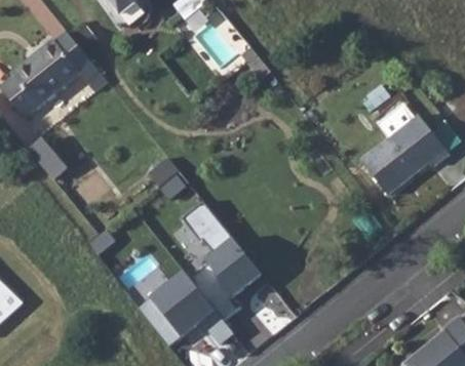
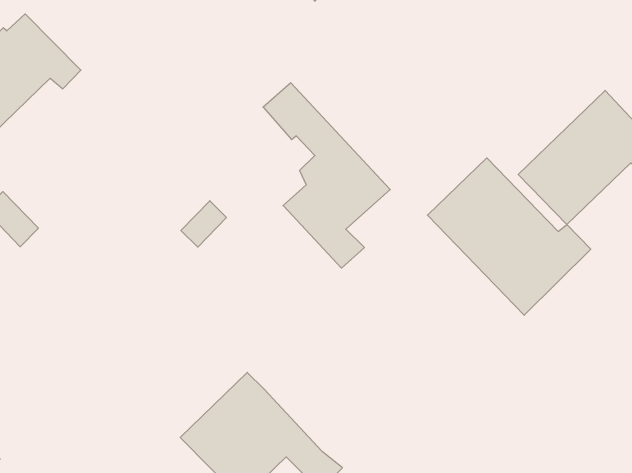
building: none -> [427,158,591,315]
building: [185,202,258,319] -> [263,83,390,268]

